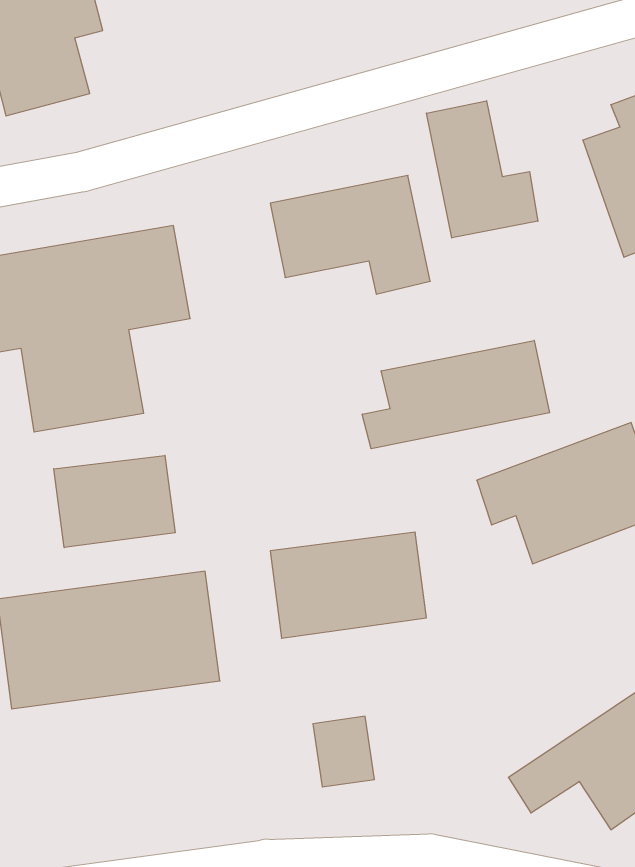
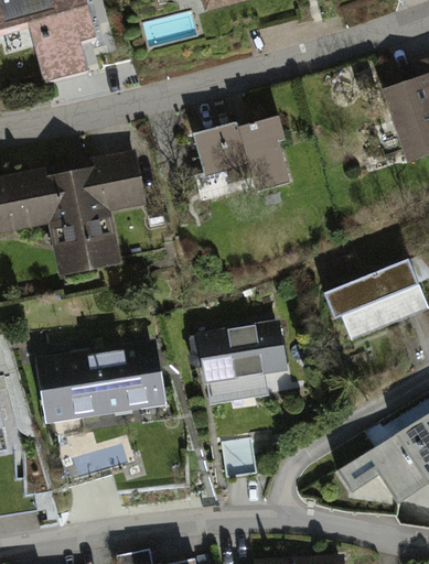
building: [426,101,538,238] -> none
building: [362,340,550,449] -> none
building: [54,455,175,548] -> none

